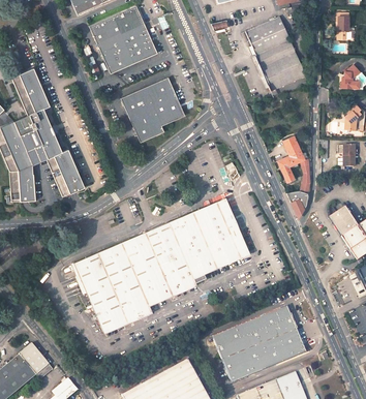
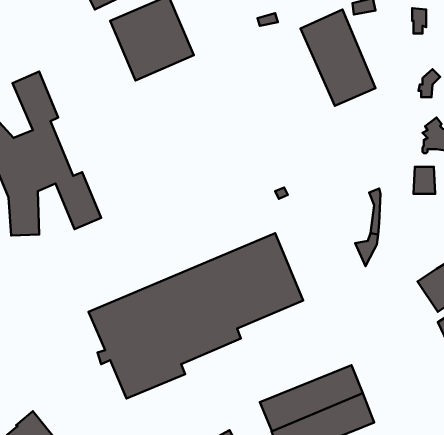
building: [123,78,188,143] -> none
building: [280,141,310,186] -> none
building: [329,207,357,237] -> none

